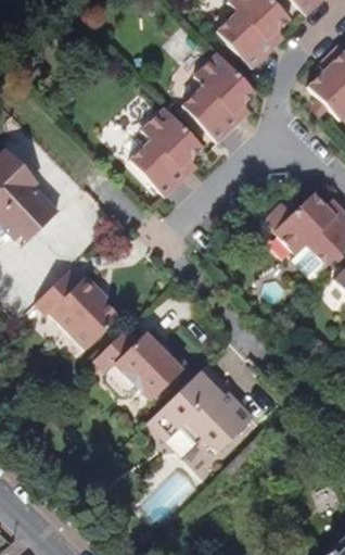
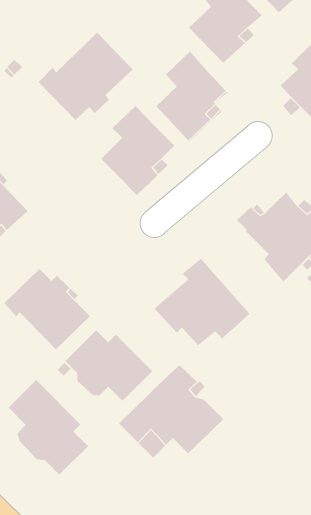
building: none -> [38,32,134,121]
building: none -> [154,258,250,346]
building: none -> [8,379,89,476]

